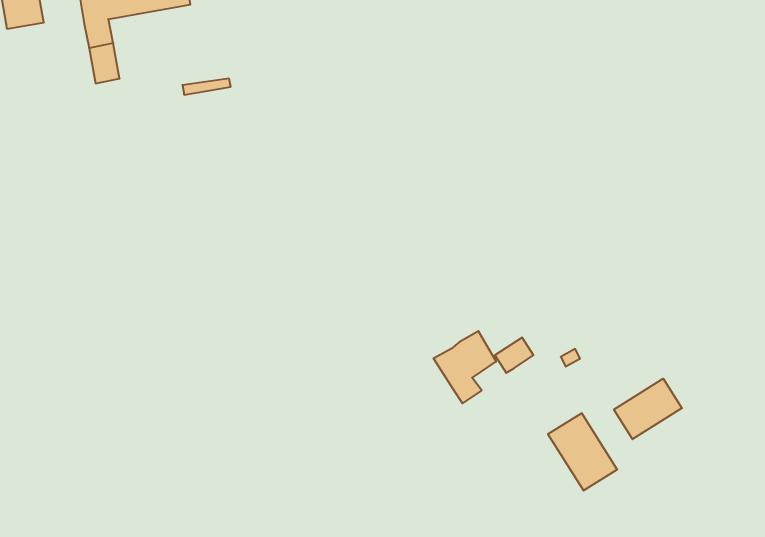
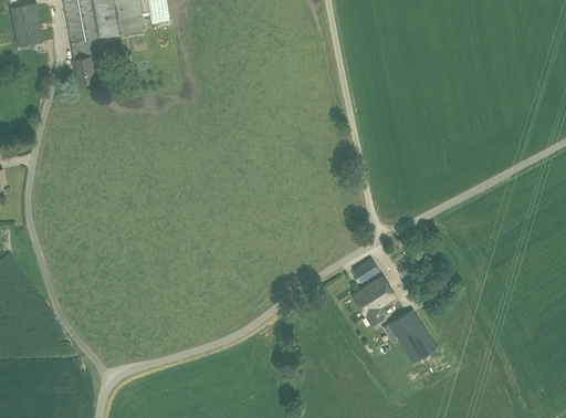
building: [433,331,496,403] -> [352,275,395,325]
building: [614,379,682,439] -> none

